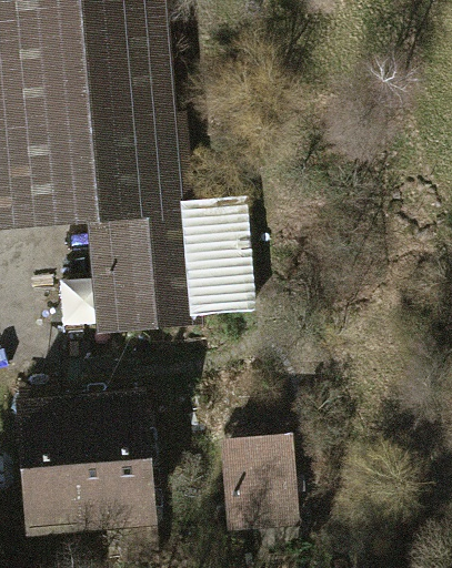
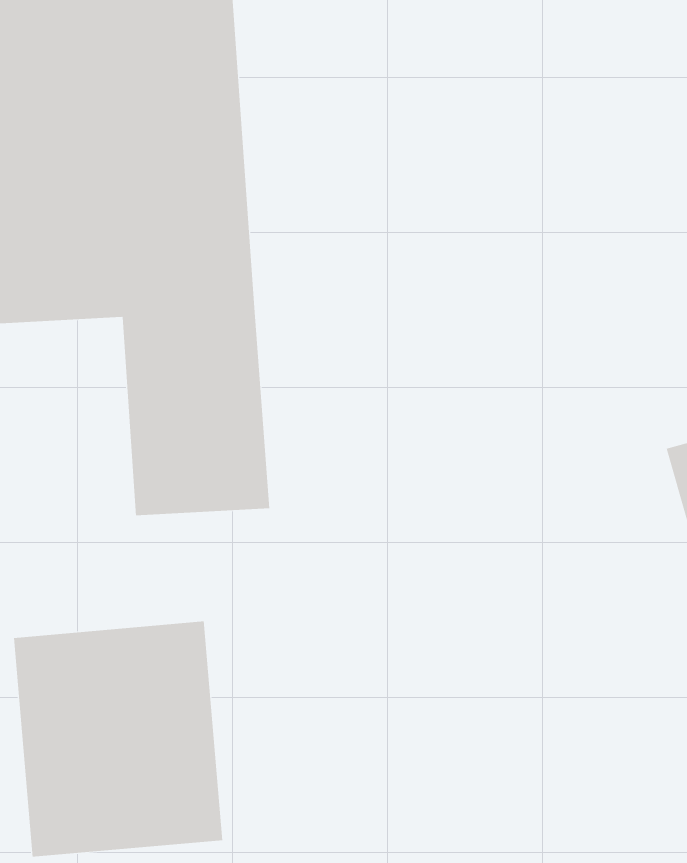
building: [183,183,253,306] -> none
building: [229,447,305,527] -> none

